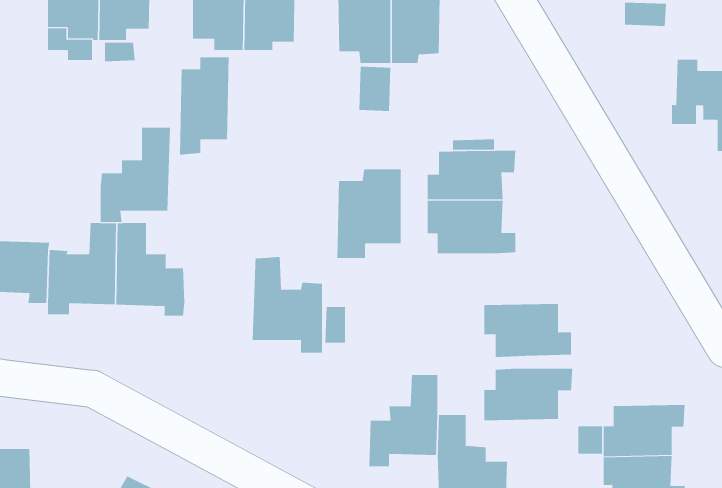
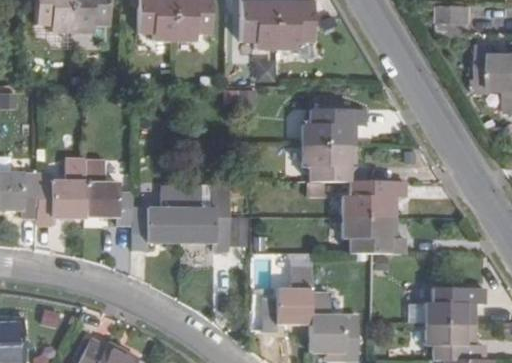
building: [179,57,229,155] -> none
building: [100,127,171,223] -> [131,184,181,251]
building: [337,169,401,259] -> none
building: [484,368,573,421] -> [342,181,405,218]

